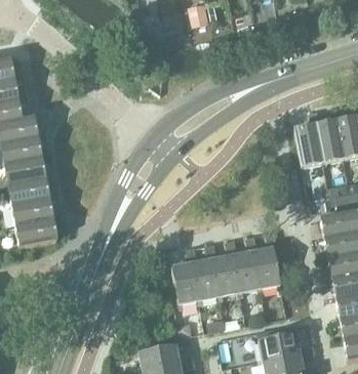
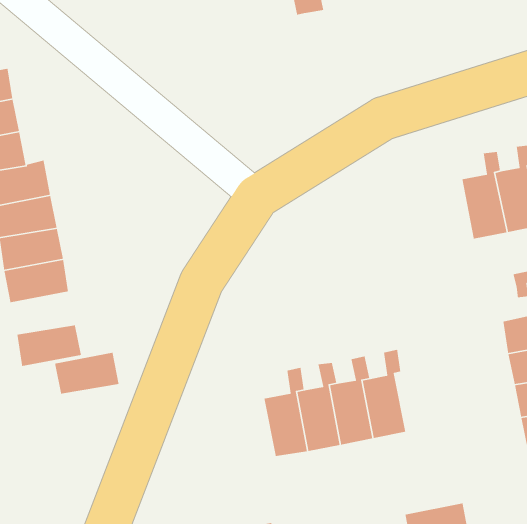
building: [12,199,53,225] -> [54,352,120,394]
building: [253,231,281,287] -> none

